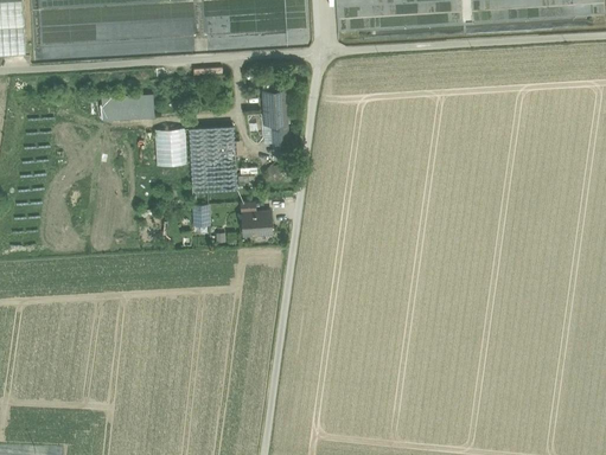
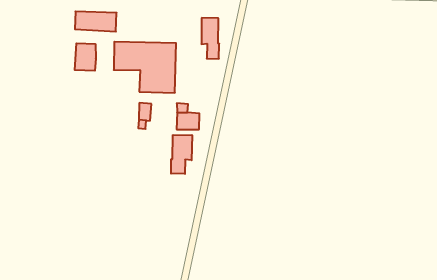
building: none -> [75,43,96,71]
building: none -> [171,135,192,174]

